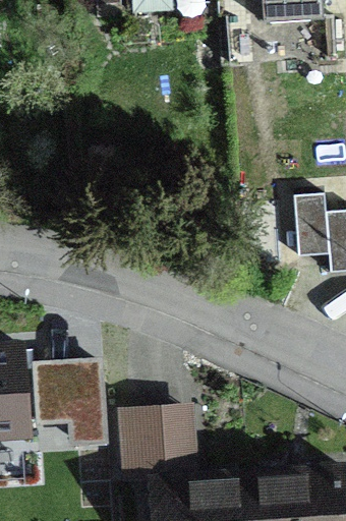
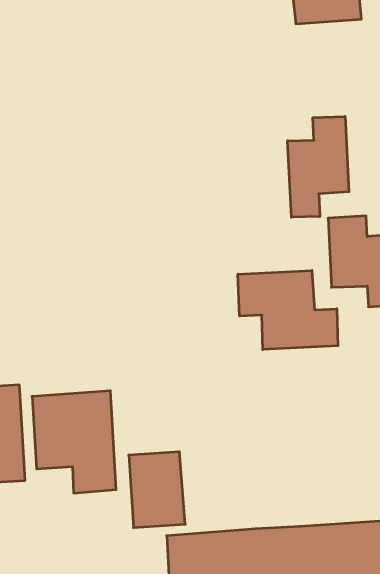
building: none -> [288,116,349,217]
building: none -> [238,270,338,350]

